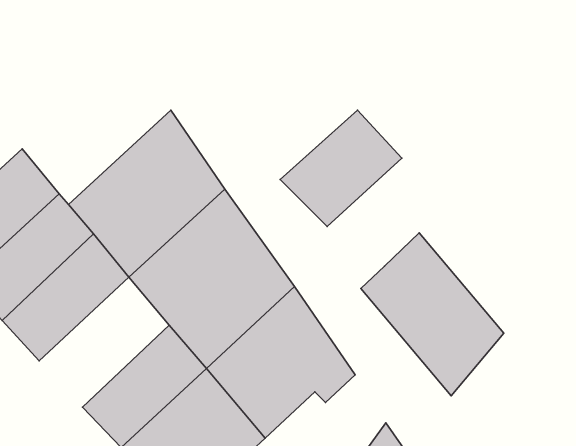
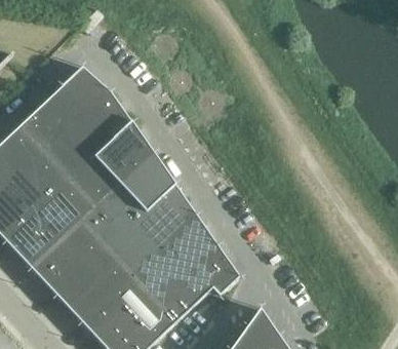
building: none -> [18,66,117,162]
building: [280,110,402,227] -> none
building: [361,233,504,396] -> none
building: none -> [30,210,116,297]

